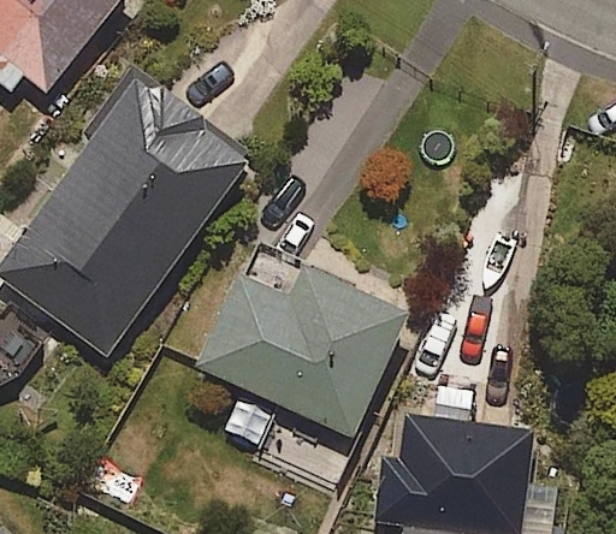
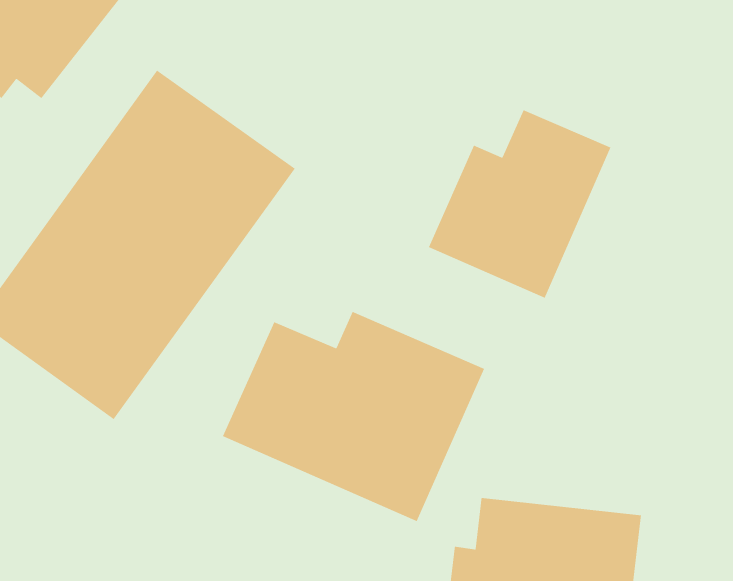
building: none -> [428,109,612,299]

